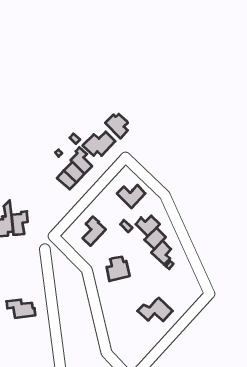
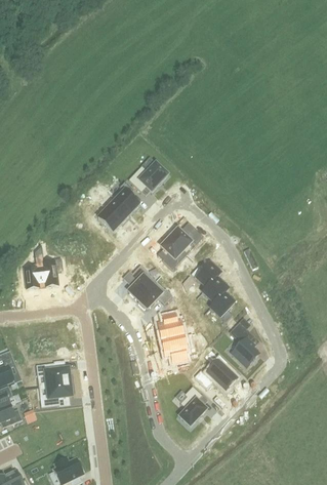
building: [105,114,128,138] -> none
building: none -> [161,235,187,268]
building: none -> [137,278,172,307]
building: none -> [230,321,258,365]
building: none -> [160,333,188,362]
building: none -> [40,380,73,404]
building: none -> [179,385,206,425]

